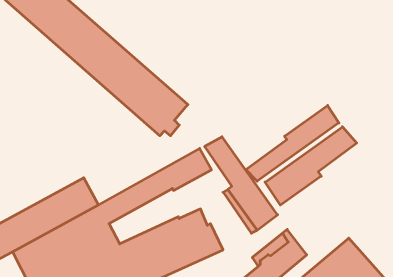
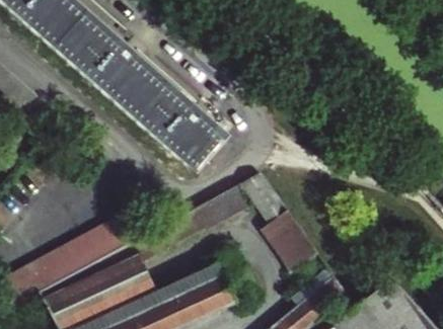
building: [246,105,339,181] -> none
building: [265,127,357,205] -> none

